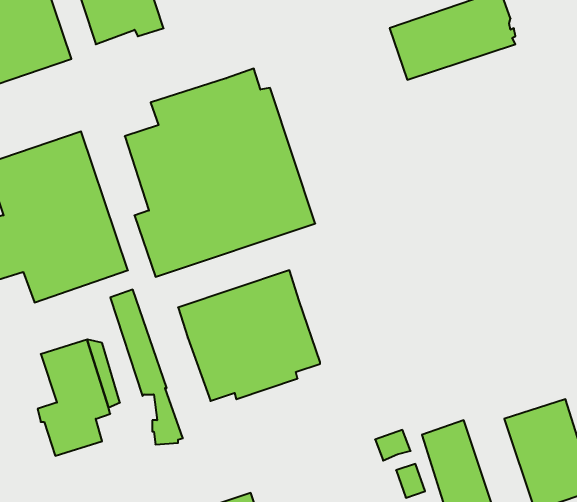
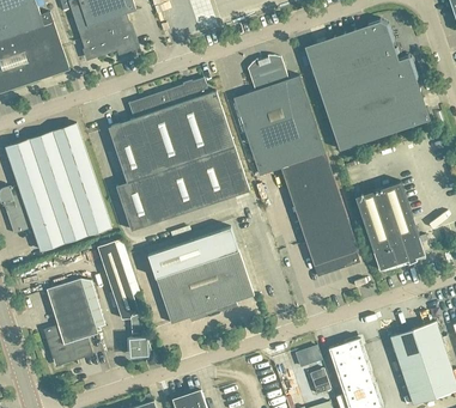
building: none -> [233,55,360,279]
building: none -> [317,55,430,150]
building: none -> [355,182,425,269]

